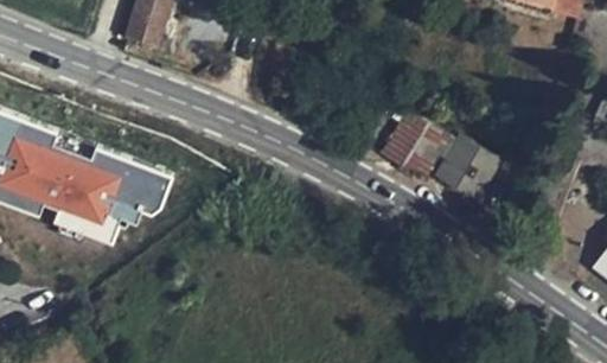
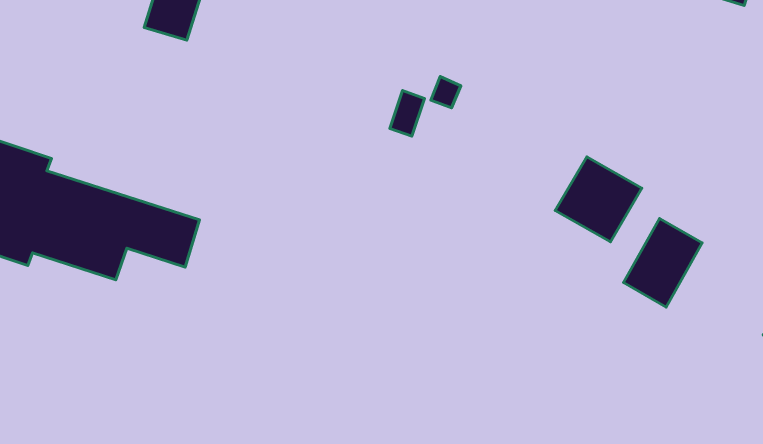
building: [381,109,449,179] -> none
building: none -> [623,218,702,307]

